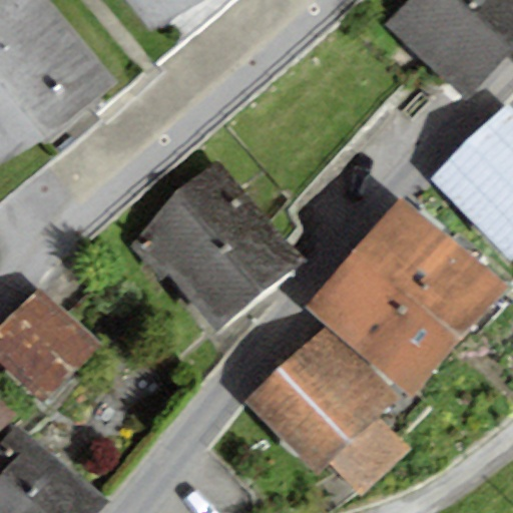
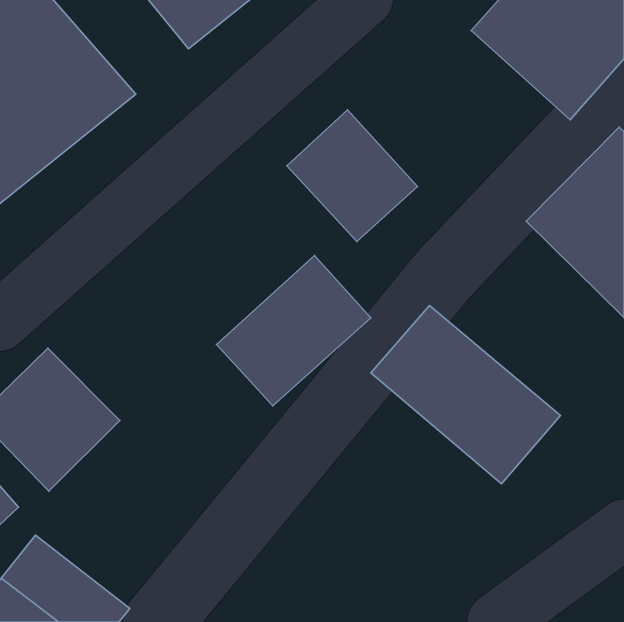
building: none -> [287,110,418,241]
building: [135,163,258,283] -> none
building: [352,194,506,341] -> none
building: [245,327,410,495] -> none

